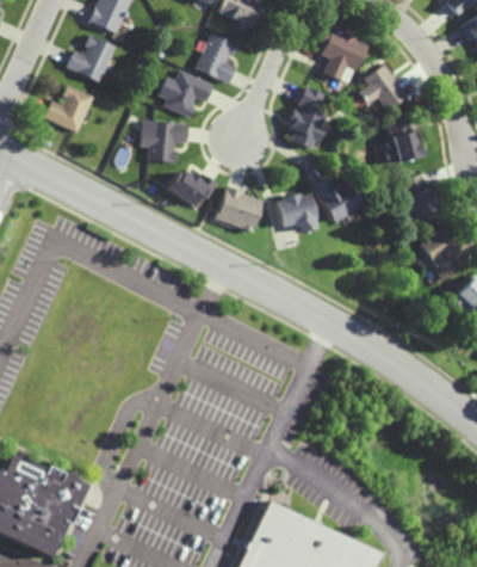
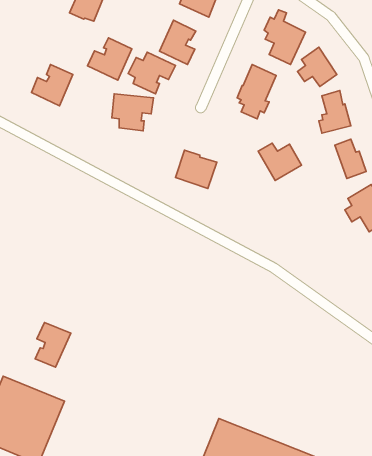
building: [64,35,117,85] -> [87,38,132,80]
building: [165,171,215,207] -> none
building: [275,192,318,233] -> none
building: none -> [35,322,71,367]

